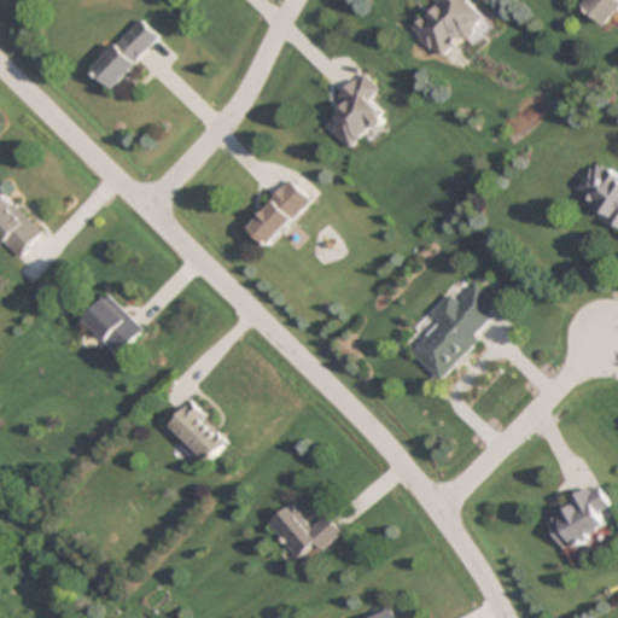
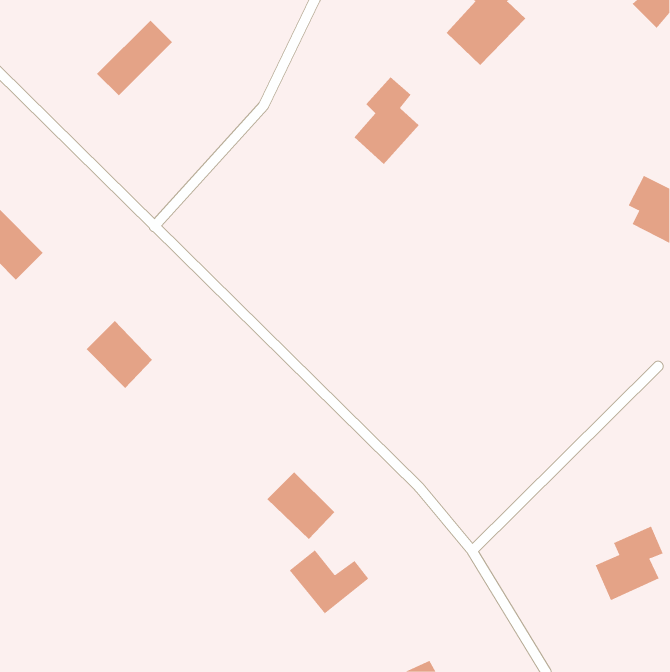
building: [243,176,310,246] -> none
building: [408,284,501,378] -> none
building: [163,401,226,464] -> [267,471,335,540]

